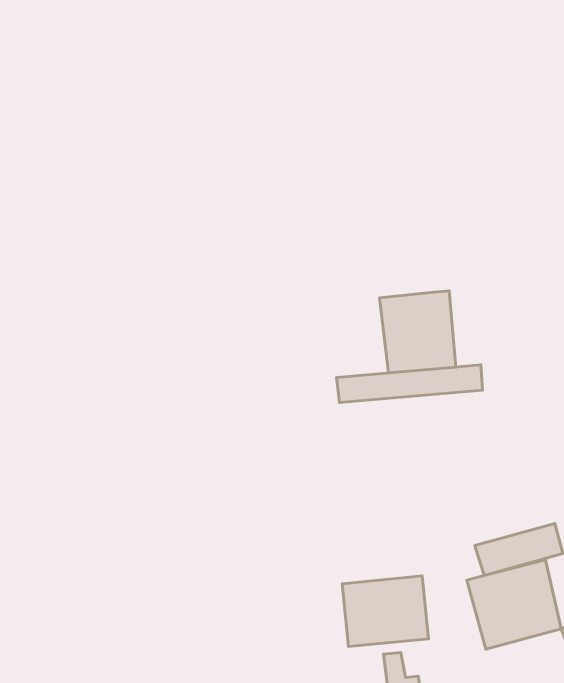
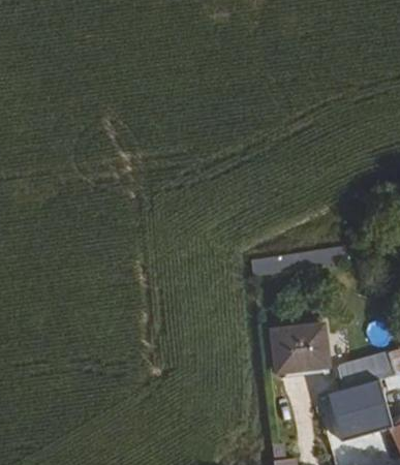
building: [379,291,456,373] -> none
building: [342,576,429,647] -> [273,321,330,368]

